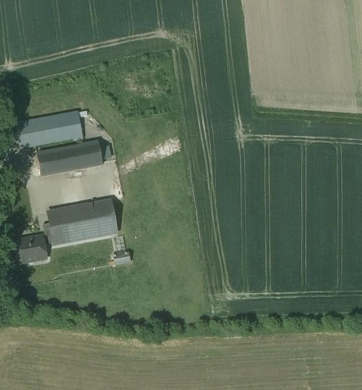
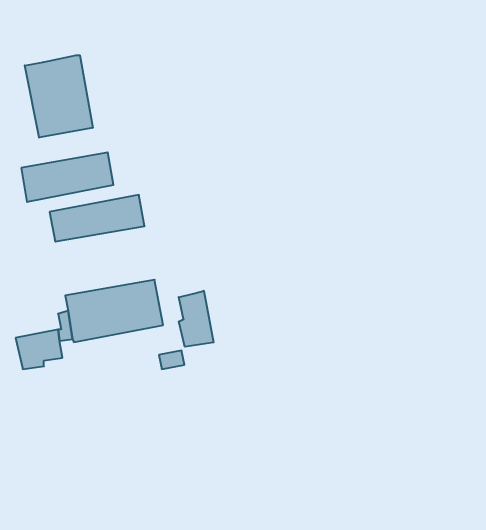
building: none -> [25,55,93,138]
building: none -> [179,291,214,347]

